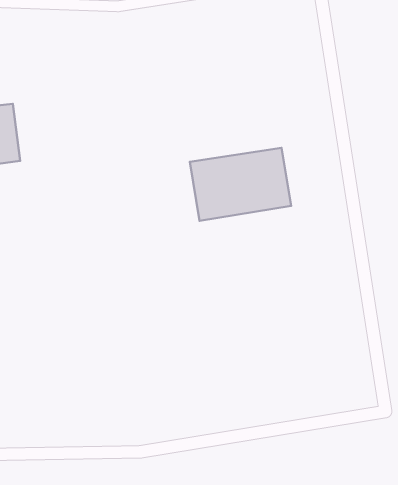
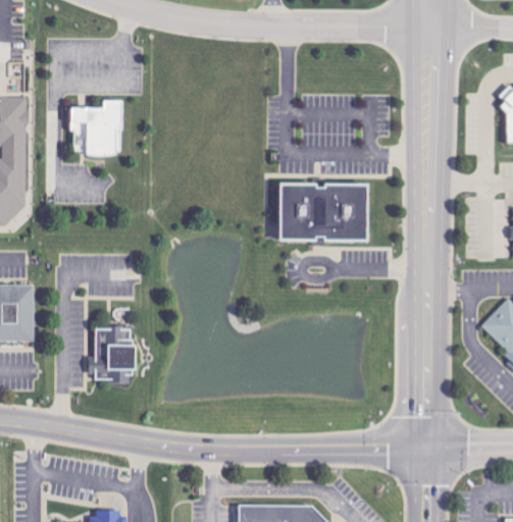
building: none -> [88,326,134,381]

